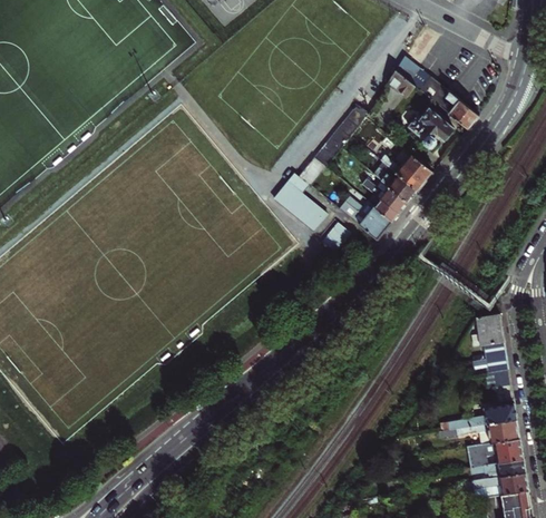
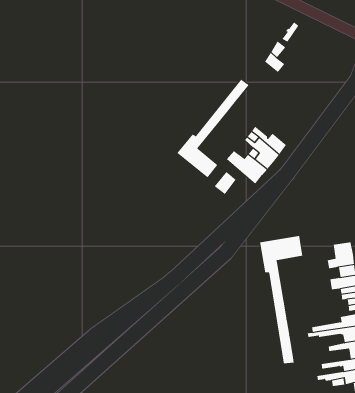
building: [420,76,478,126] -> none
building: [409,108,456,147] -> none
building: [381,153,432,188] -> none
building: none -> [259,235,303,364]

